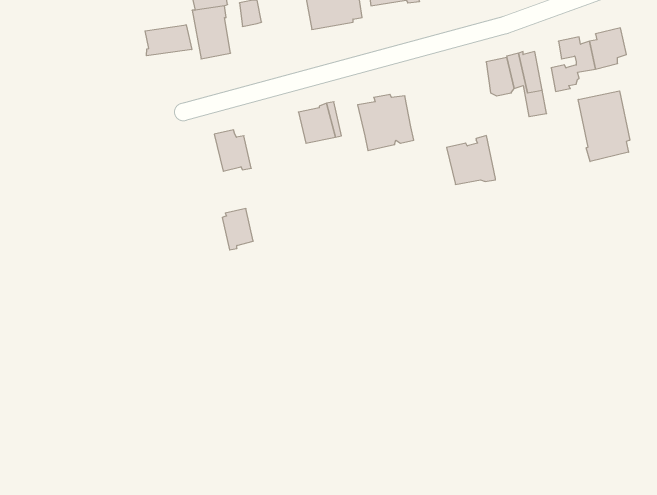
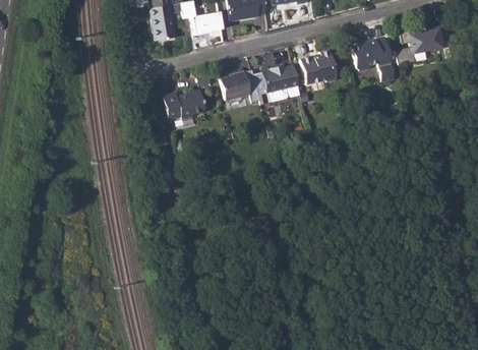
building: none -> [194,12,223,36]
building: [145,25,192,56] -> none
building: [578,91,630,162] -> none
building: [447,136,495,184] -> [302,51,336,84]
building: [222,209,253,250] -> [185,89,206,117]

